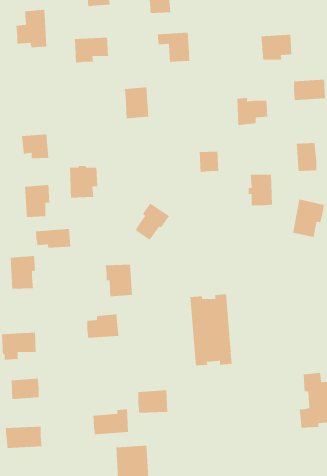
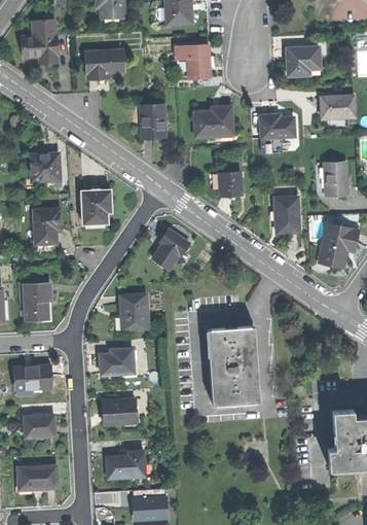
building: none -> [196,106,234,137]
building: [35,228,71,248] -> none
building: [137,390,168,414] -> [104,397,137,423]

